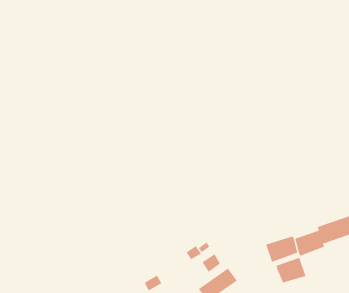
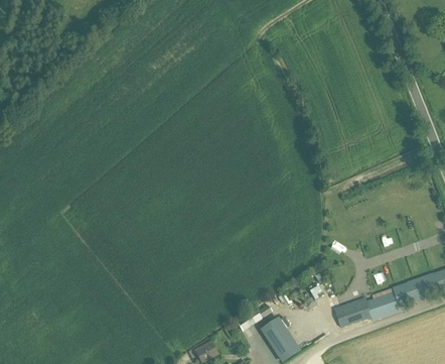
building: [276,257,306,284] -> none

